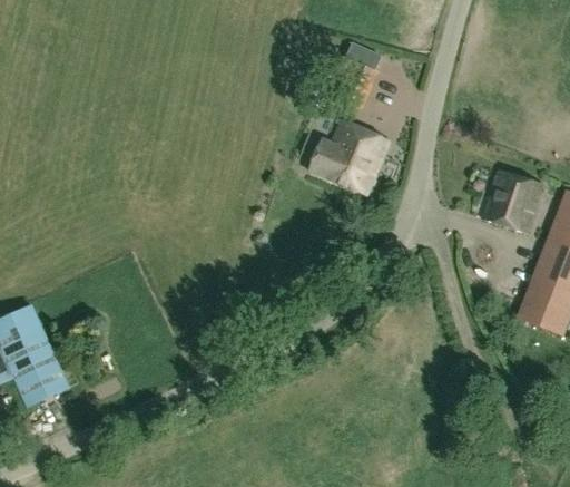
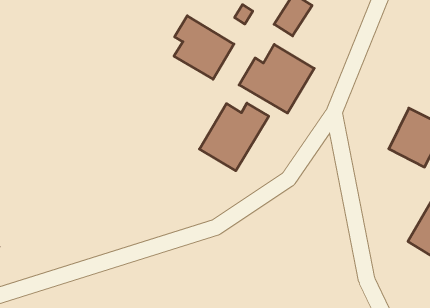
building: none -> [174,16,234,79]
building: none -> [199,103,269,171]

